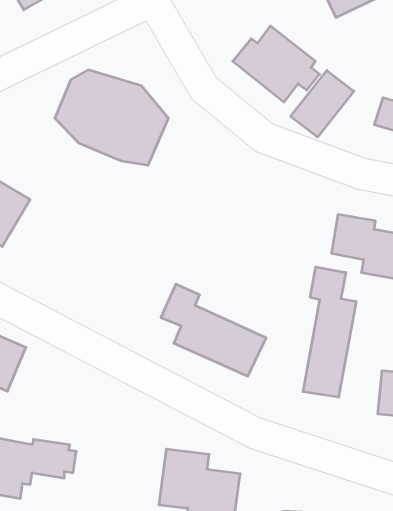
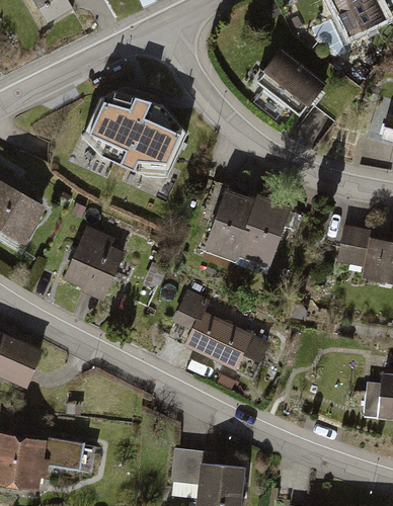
building: [291,70,354,137] -> none
building: none -> [196,176,295,276]
building: none -> [64,225,127,300]
building: [303,267,356,397] -> none

